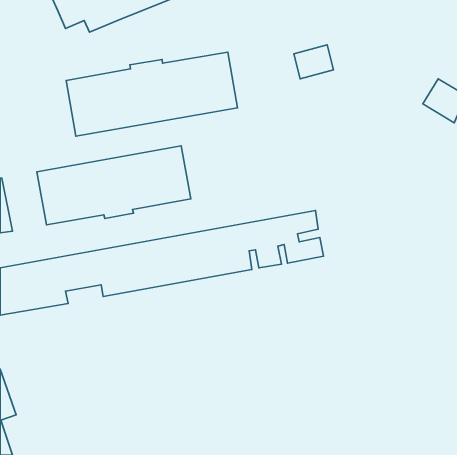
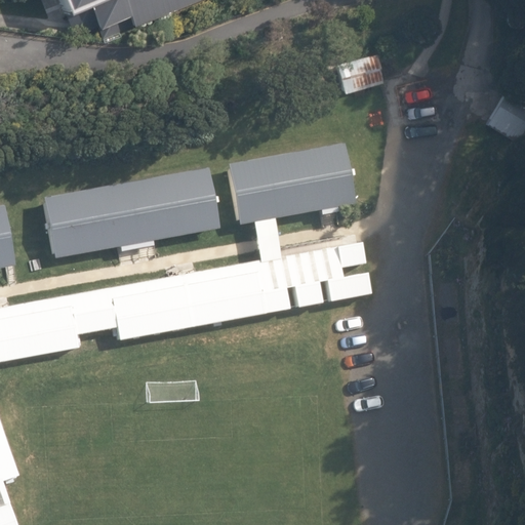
building: [66,52,237,136] -> none
building: none -> [228,143,355,225]

